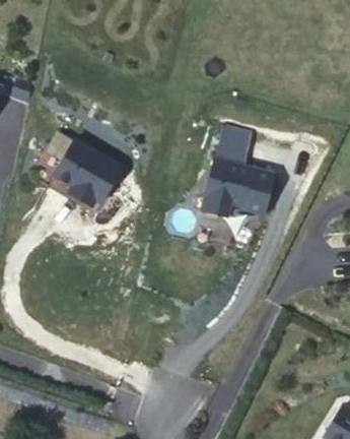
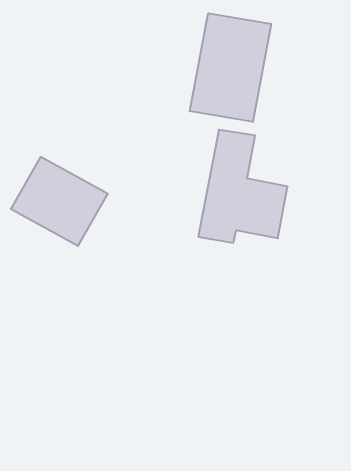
building: none -> [190,13,271,122]

